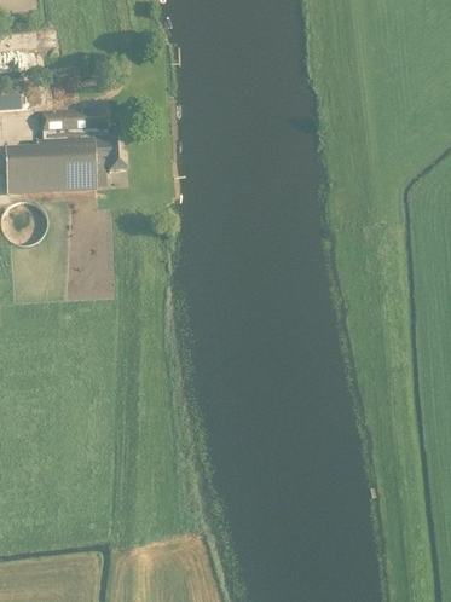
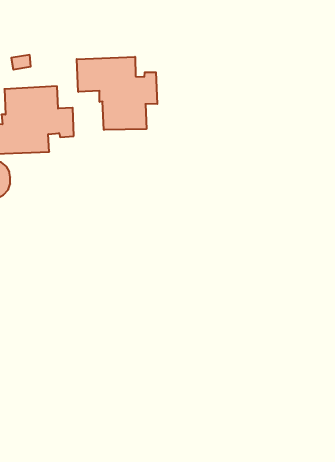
building: none -> [77,57,157,130]

